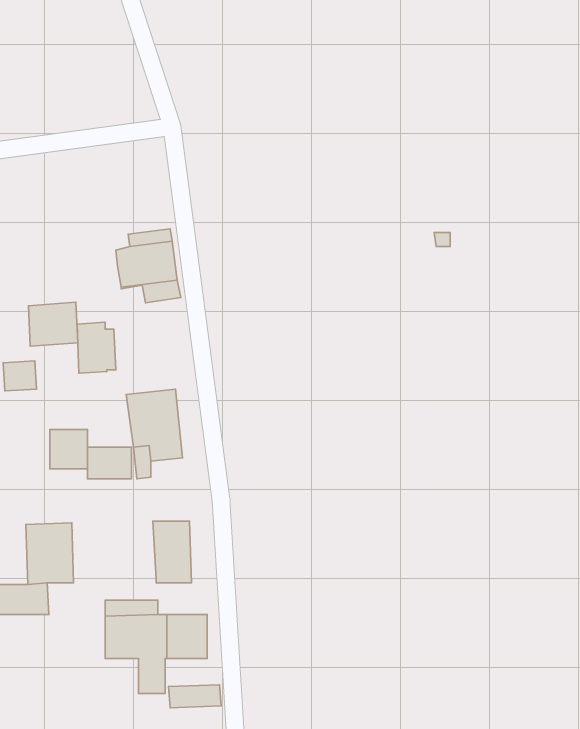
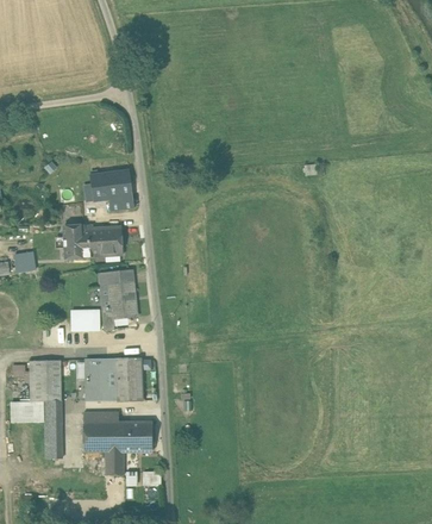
building: [28,302,78,346] -> [89,226,123,256]
building: [50,430,88,469] -> none
building: none -> [87,358,118,399]
building: none -> [44,400,63,458]

